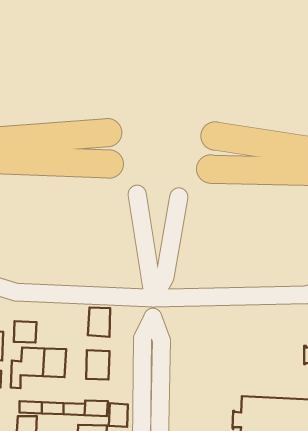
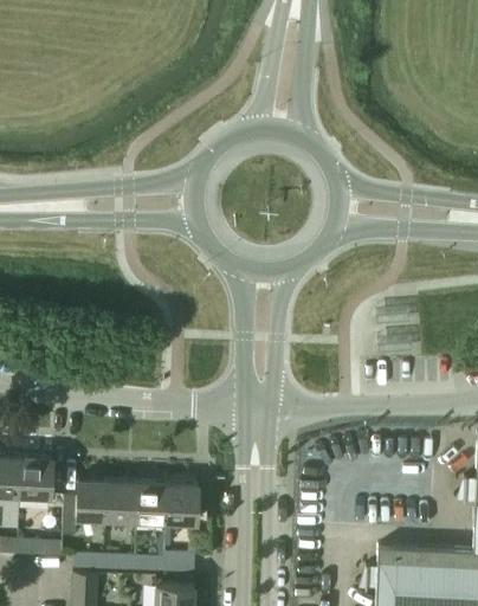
building: [88,307,110,337] -> [136,482,167,522]
building: [14,321,36,343] -> none
building: [109,403,128,427] -> none

